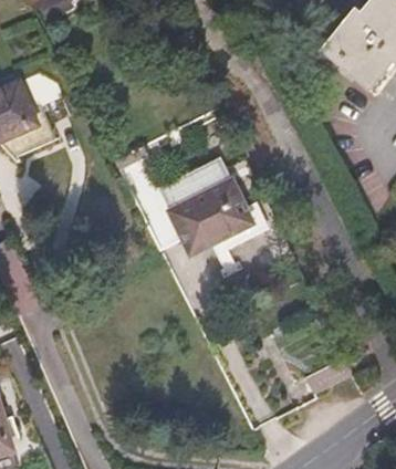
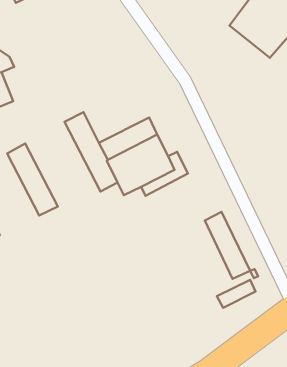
building: none -> [7,143,58,216]
building: none -> [205,212,250,279]

